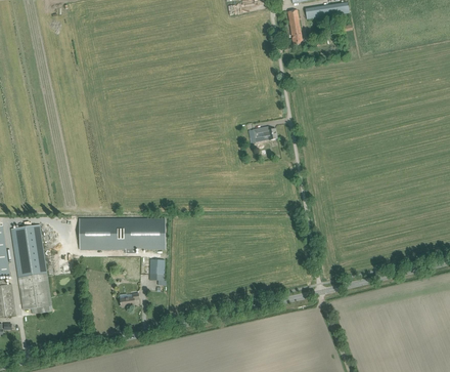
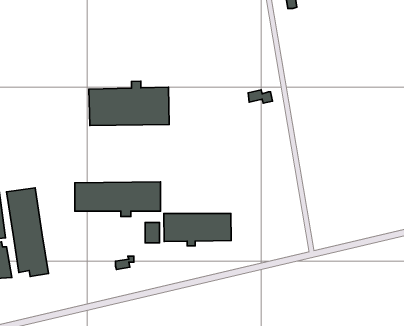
building: none -> [89,81,169,126]
building: none -> [164,213,231,246]

